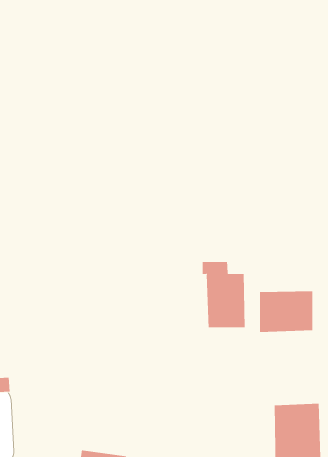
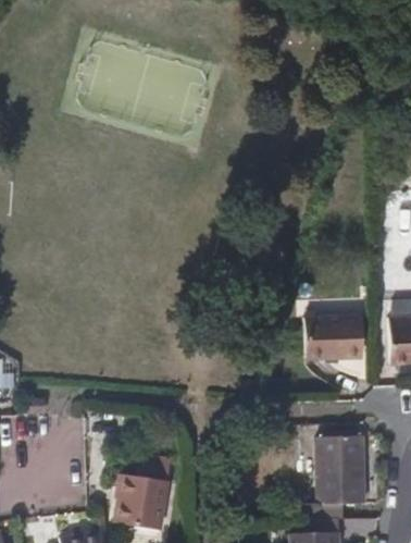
building: [202,261,245,328] -> none

